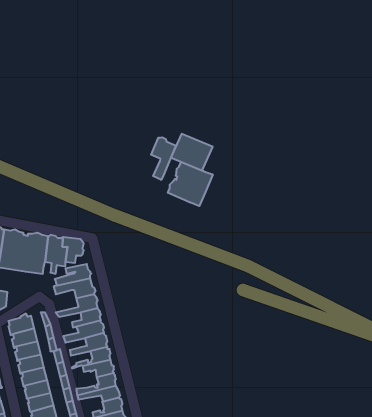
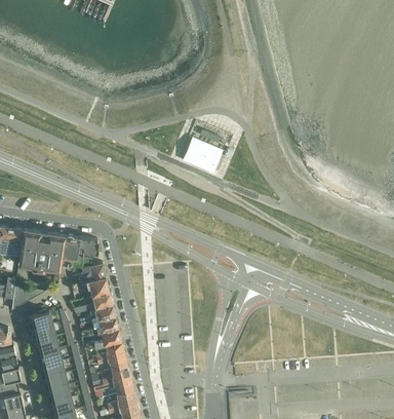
building: [151,137,176,180] -> none
building: [168,162,213,206] -> none

